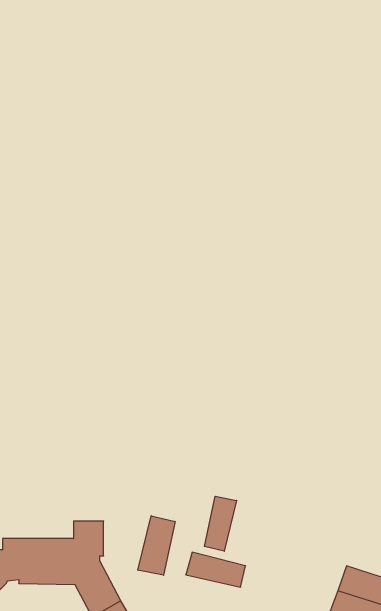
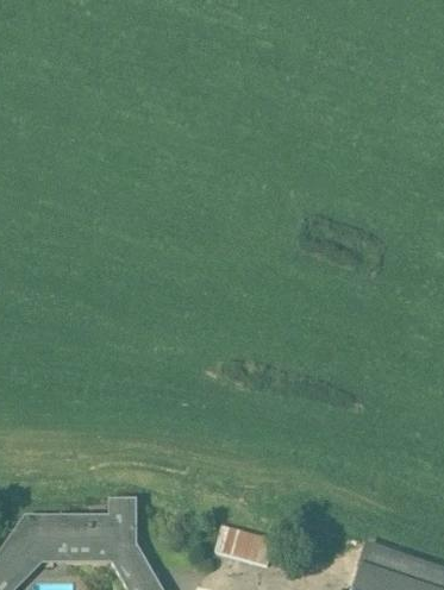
building: [204,496,237,551] -> none
building: [138,516,175,575] -> none

